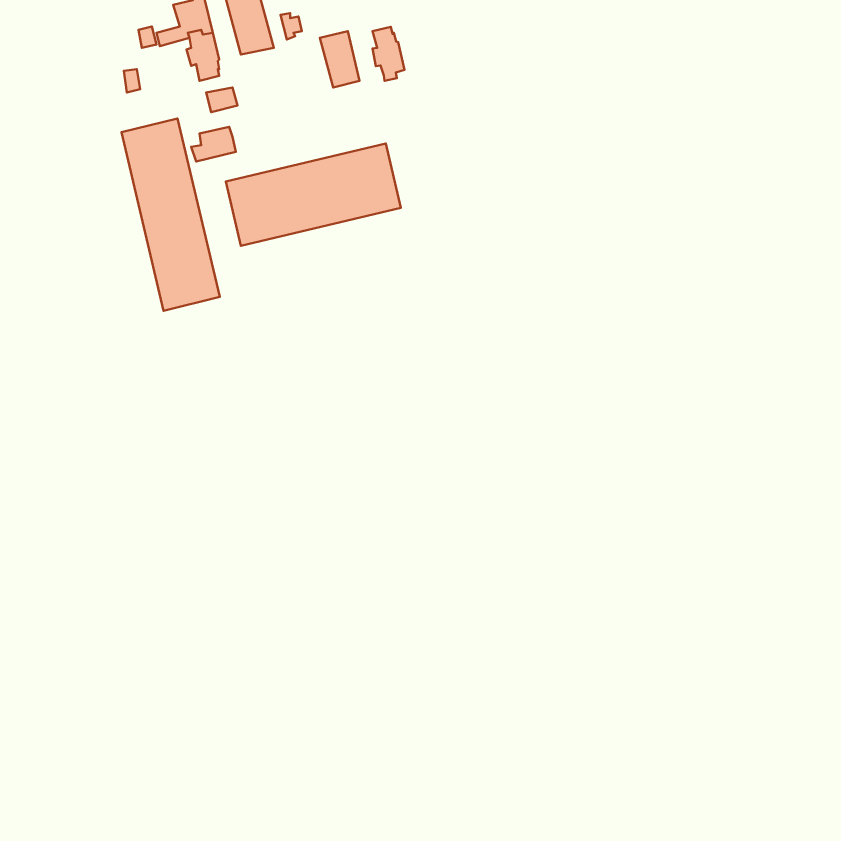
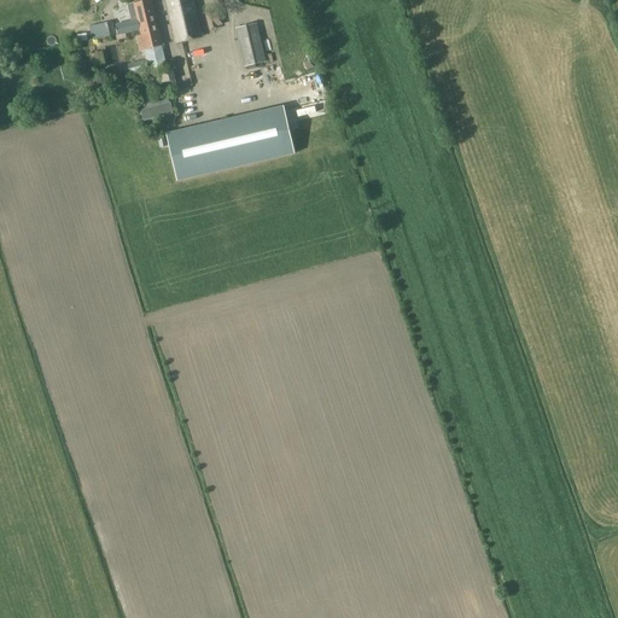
building: [372,27,405,81] -> none
building: [121,118,220,311] -> none

